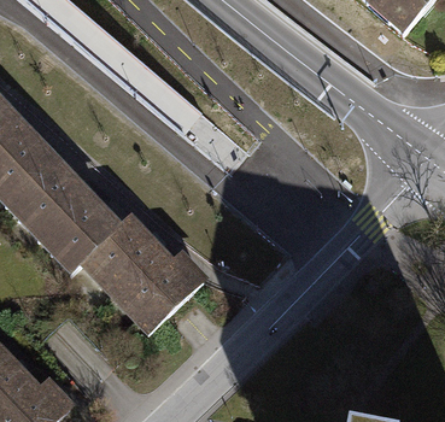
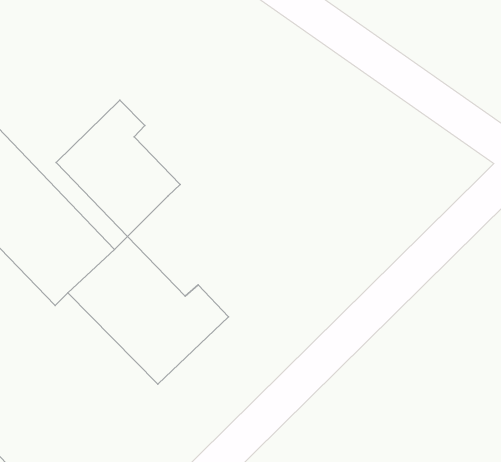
building: none -> [56,100,180,237]

